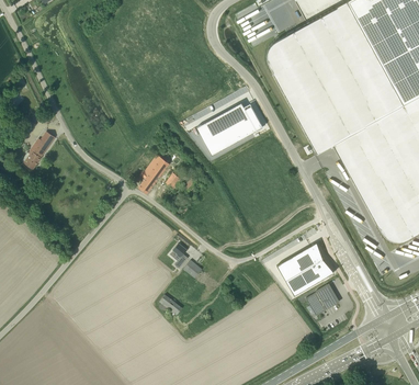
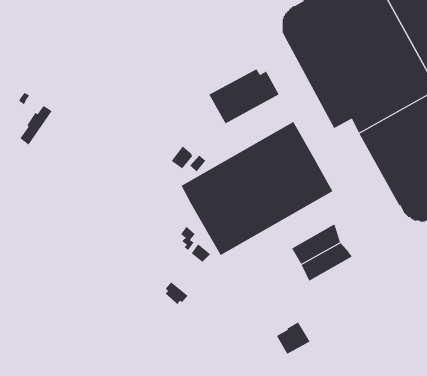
building: none -> [181,121,333,256]
building: [139,155,170,194] -> none
building: [307,284,339,315] -> [276,321,310,355]

